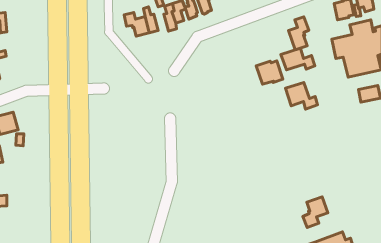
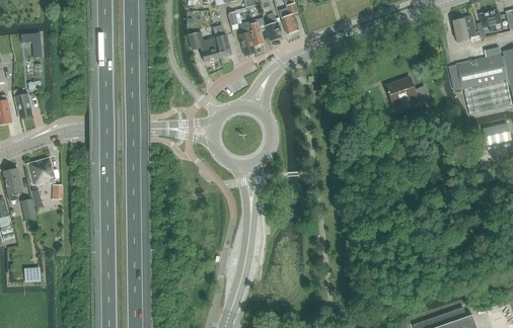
building: [289,17,309,50] -> none
building: [256,61,283,84] -> none
building: [285,83,318,109] -> none
building: [303,197,328,227] -> none

